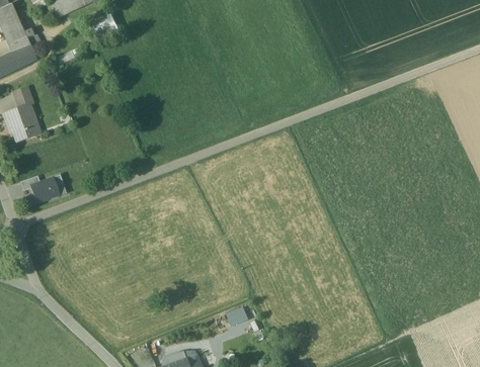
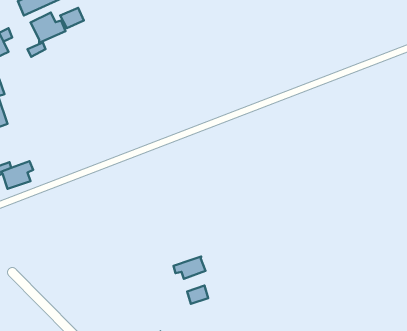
building: none -> [31,12,65,43]
building: none -> [174,257,206,279]

